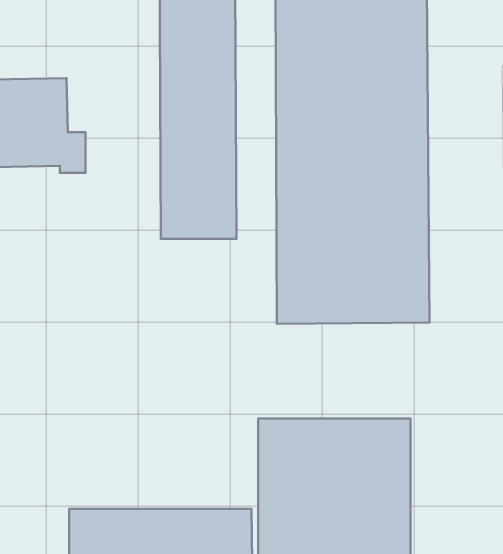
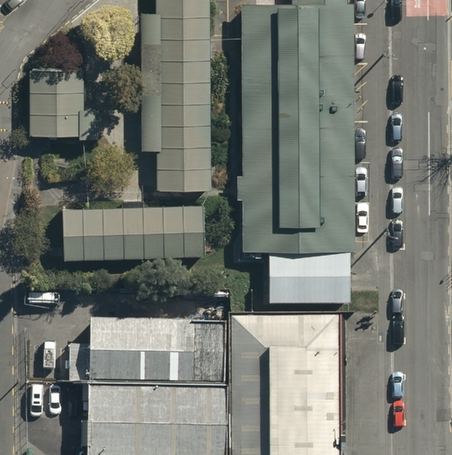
building: none -> [64,206,204,259]
building: none -> [268,256,349,303]
building: none -> [86,321,221,387]

